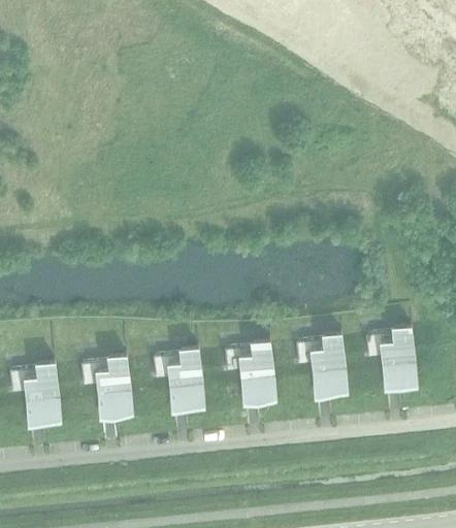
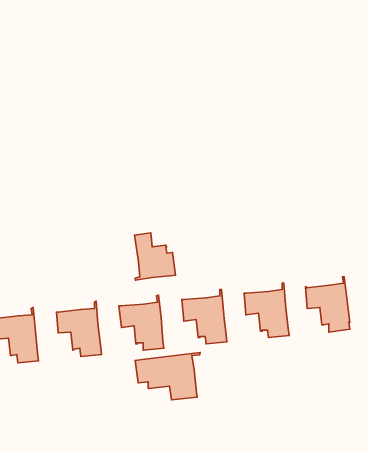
building: none -> [135,233,175,280]
building: none -> [135,353,200,400]

